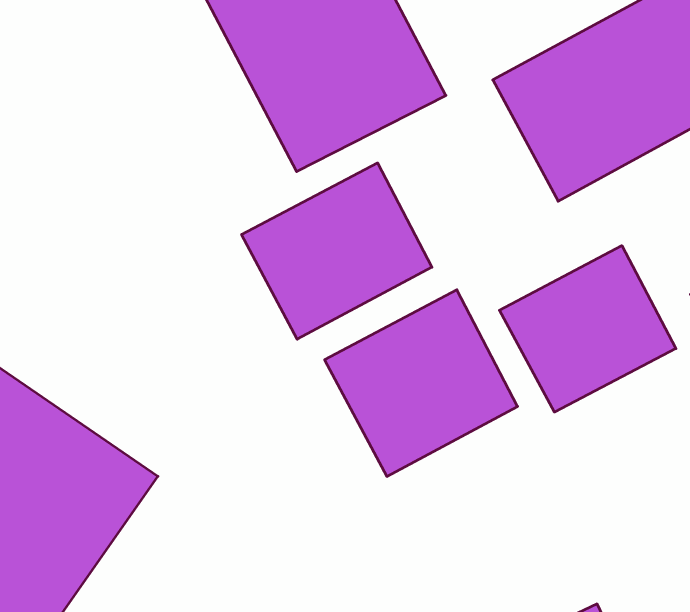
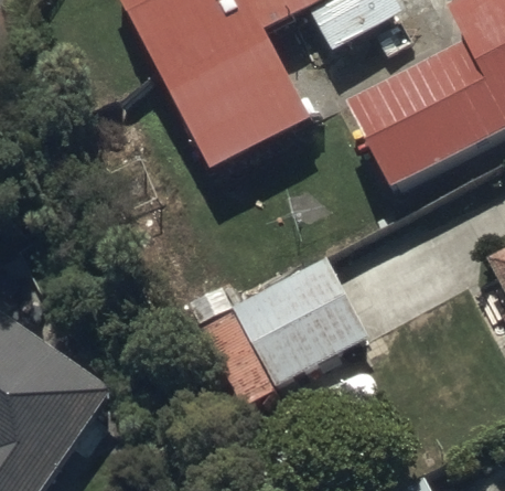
building: [242,163,432,339] -> none
building: [499,246,676,412] -> none

